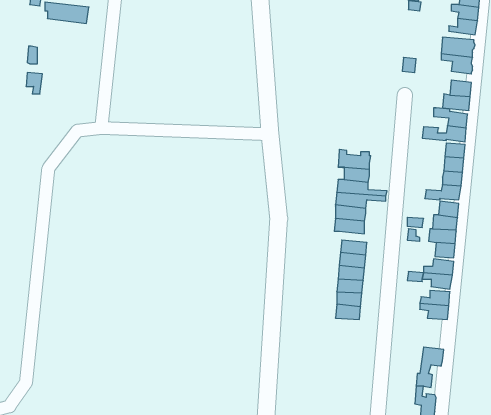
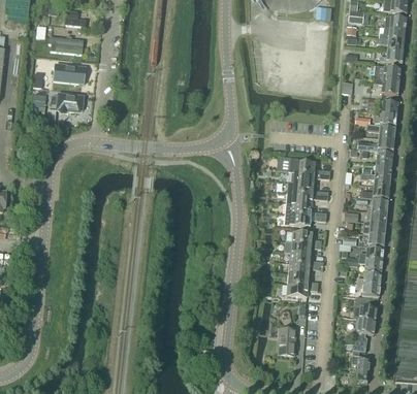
building: none -> [52,63,85,80]
building: none -> [55,93,85,111]
building: none -> [352,296,377,321]
building: none -> [277,328,294,355]

